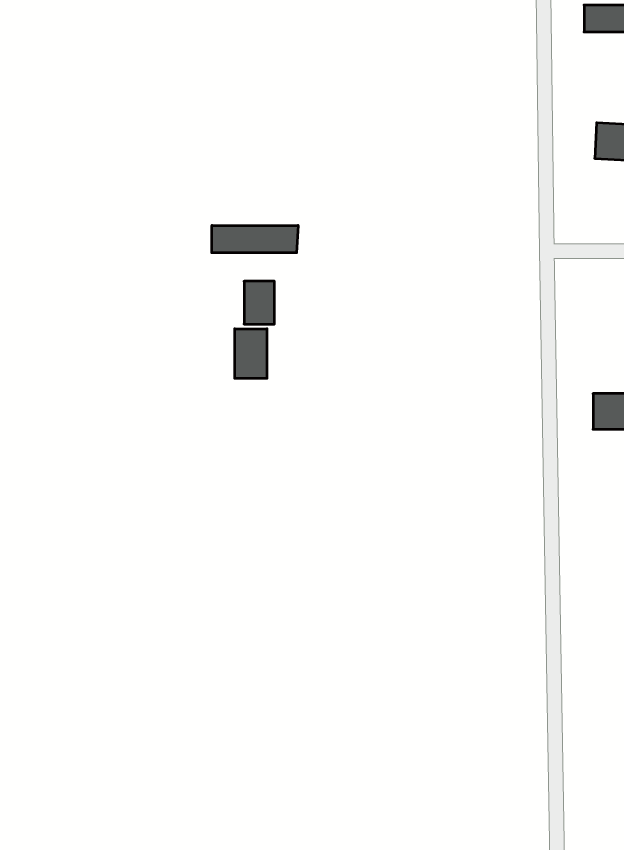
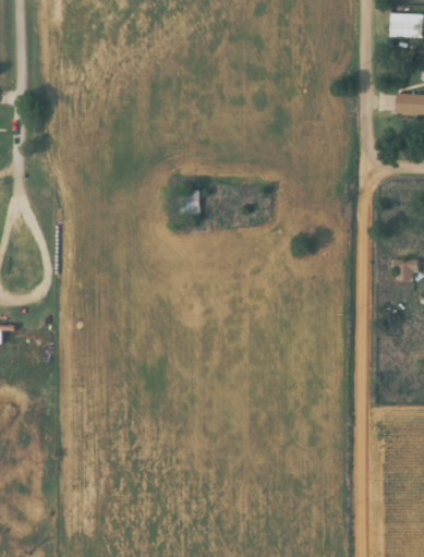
building: [212,225,298,253] -> none
building: [235,329,267,378] -> none

